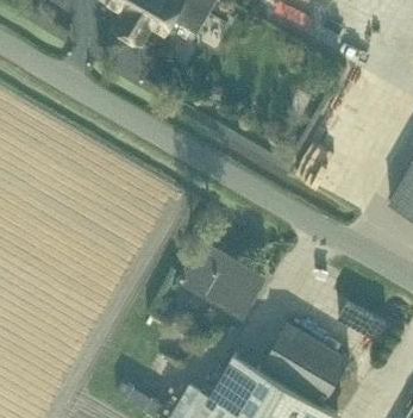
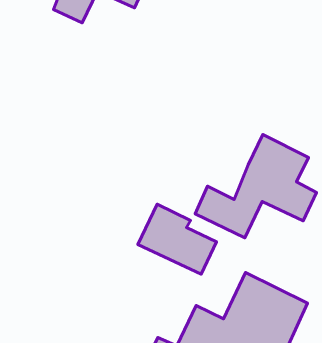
building: none -> [195,134,316,238]

